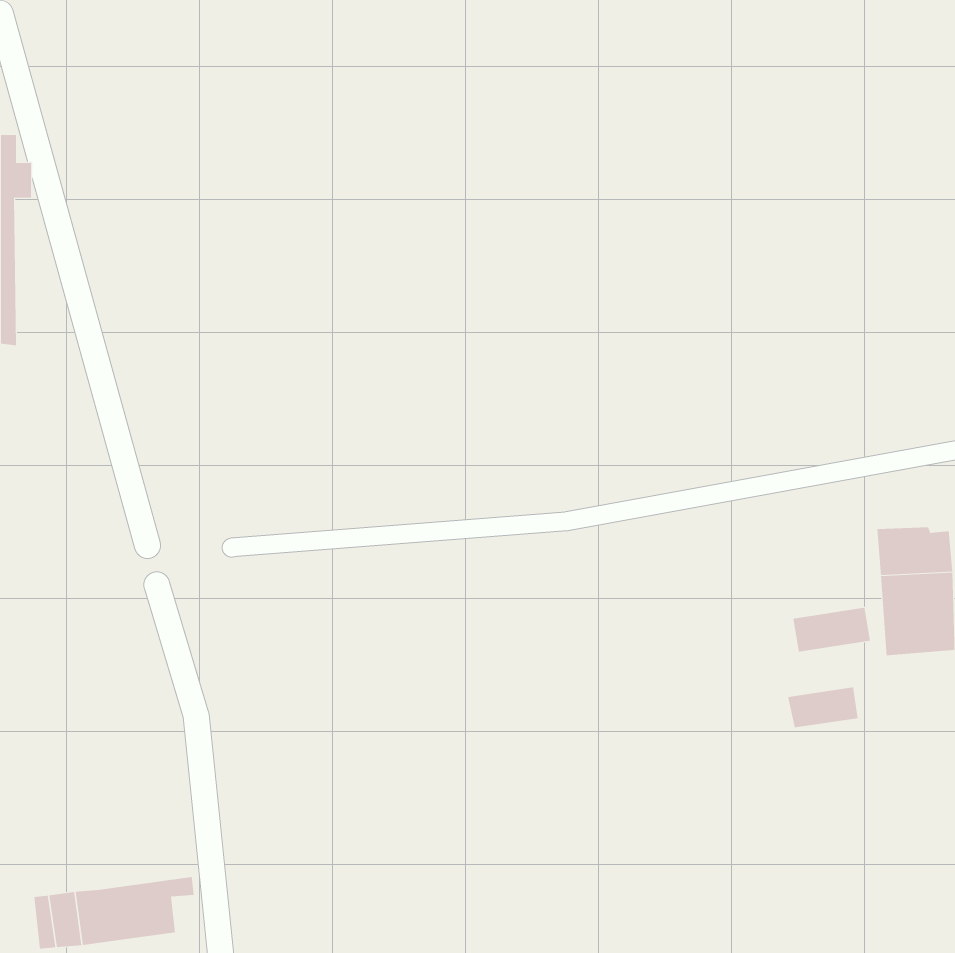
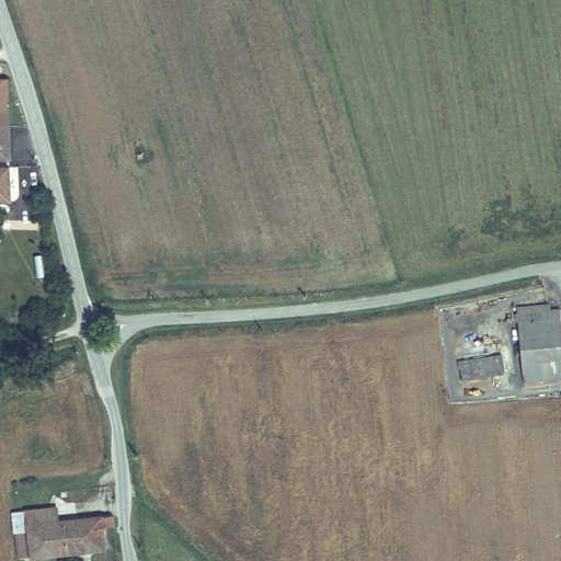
building: [787,687,858,728] -> none
building: none -> [27,506,58,525]

